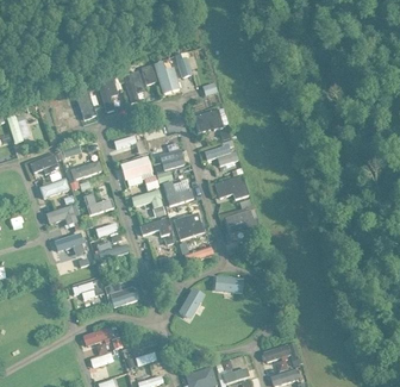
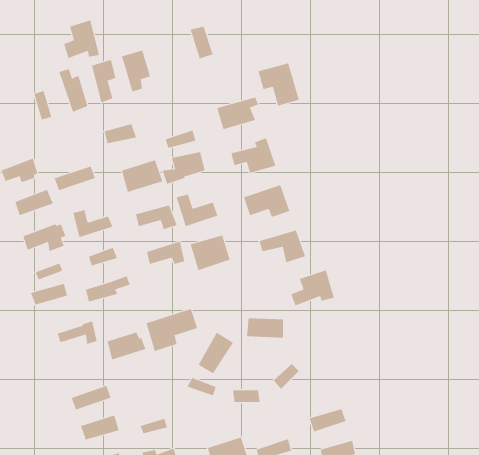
building: none -> [64,19,99,59]
building: [152,62,179,95] -> none
building: none -> [258,63,299,106]
building: none -> [290,270,334,306]
building: none -> [146,308,198,352]

